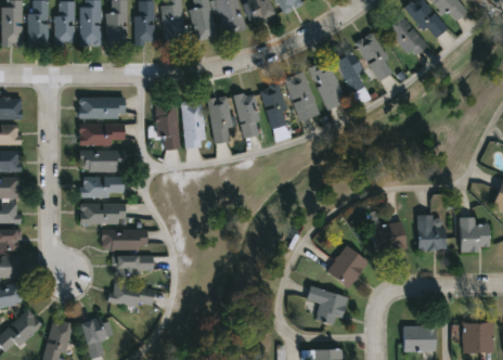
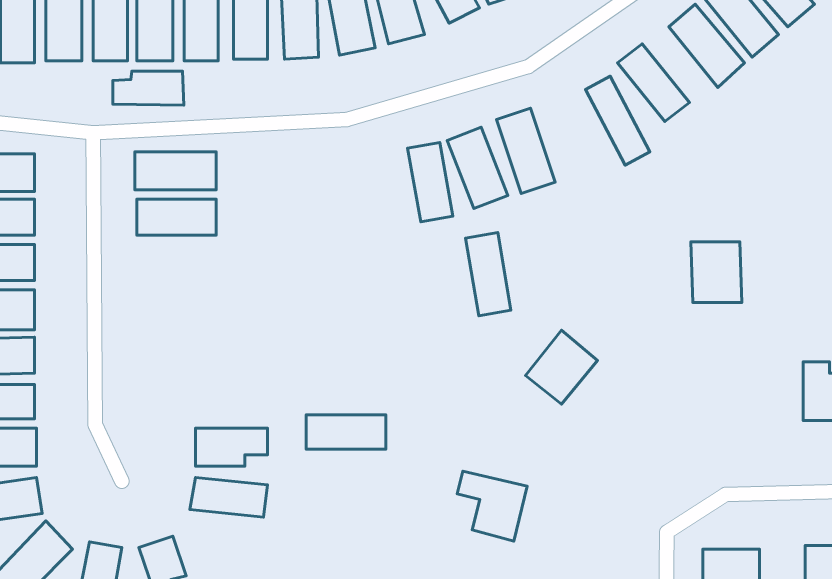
building: none -> [113,71,184,105]
building: [309,60,348,111] -> none
building: [207,95,233,143] -> [466,232,511,316]
building: [183,100,203,146] -> none
building: [155,102,178,149] -> none
building: [80,151,126,171] -> none
building: [80,177,124,196] -> none
building: [80,203,126,223] -> none
building: [417,215,447,249] -> [691,242,742,303]
building: [371,220,408,255] -> none
building: [102,230,147,249] -> [306,415,386,449]
building: [327,244,369,286] -> [526,330,597,404]
building: [307,286,347,326] -> [457,471,527,541]

